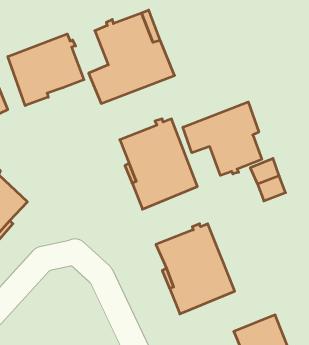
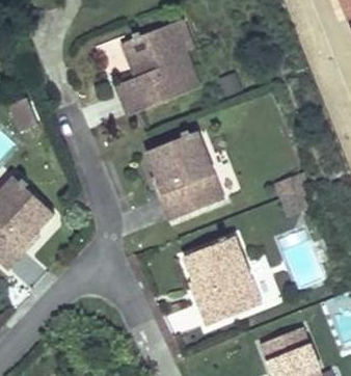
building: [8,34,84,106] -> none
building: [183,102,262,175] -> none

